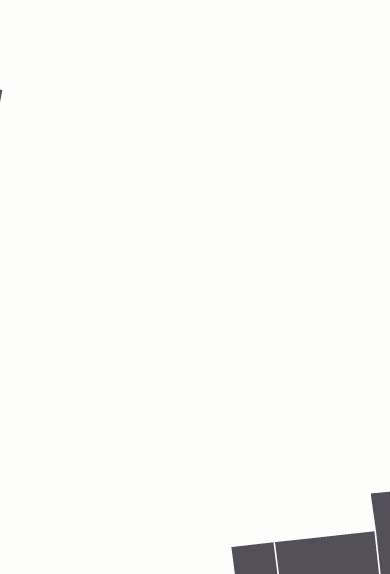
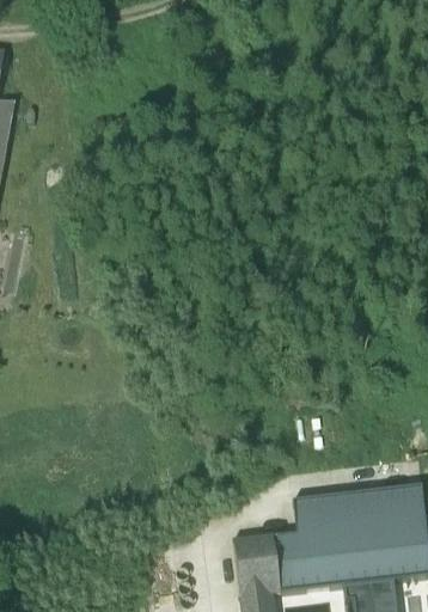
building: none -> [291,490,371,532]

